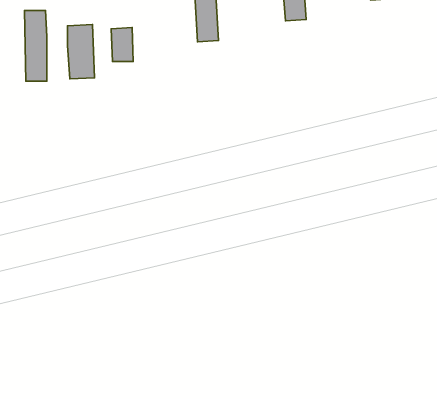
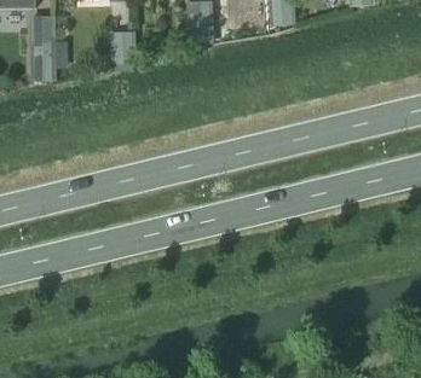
building: [67,25,95,79] -> none

